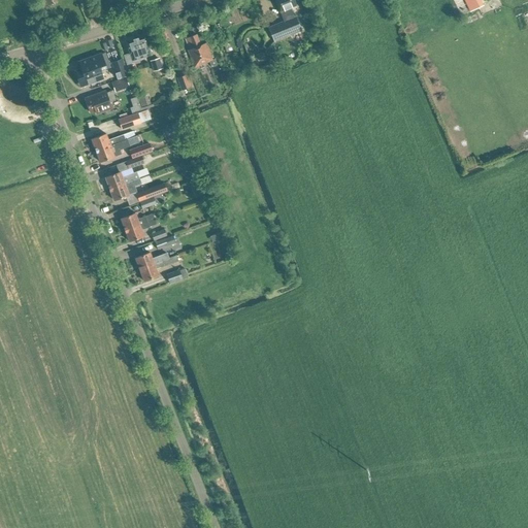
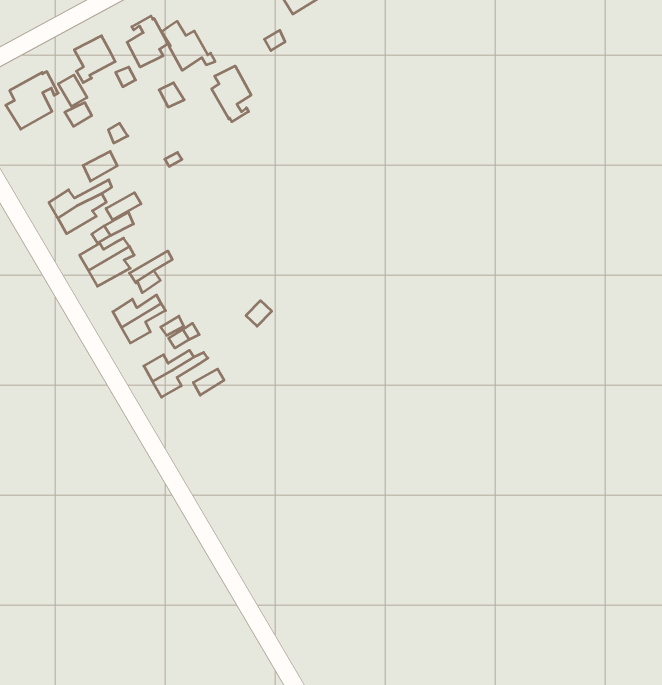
building: none -> [127,16,168,67]
building: none -> [212,66,251,122]
building: [85,91,116,114] -> none

